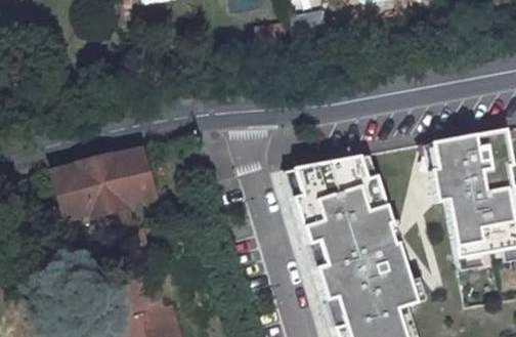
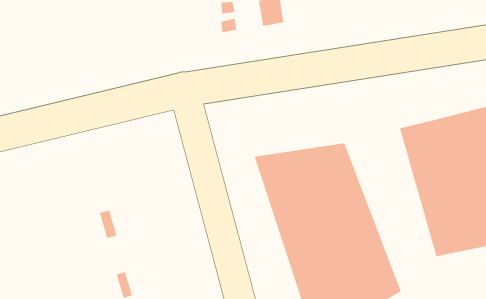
building: [53,146,152,214] -> none

